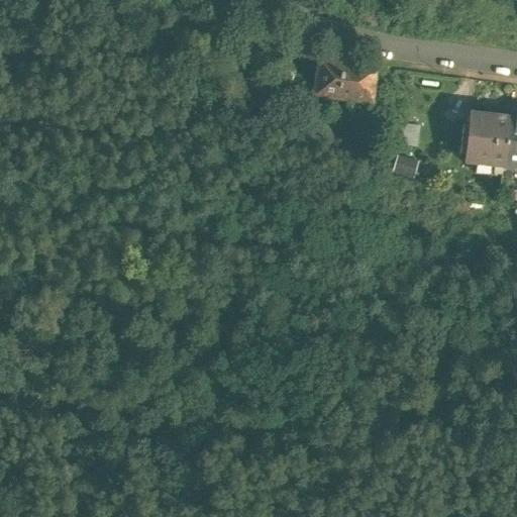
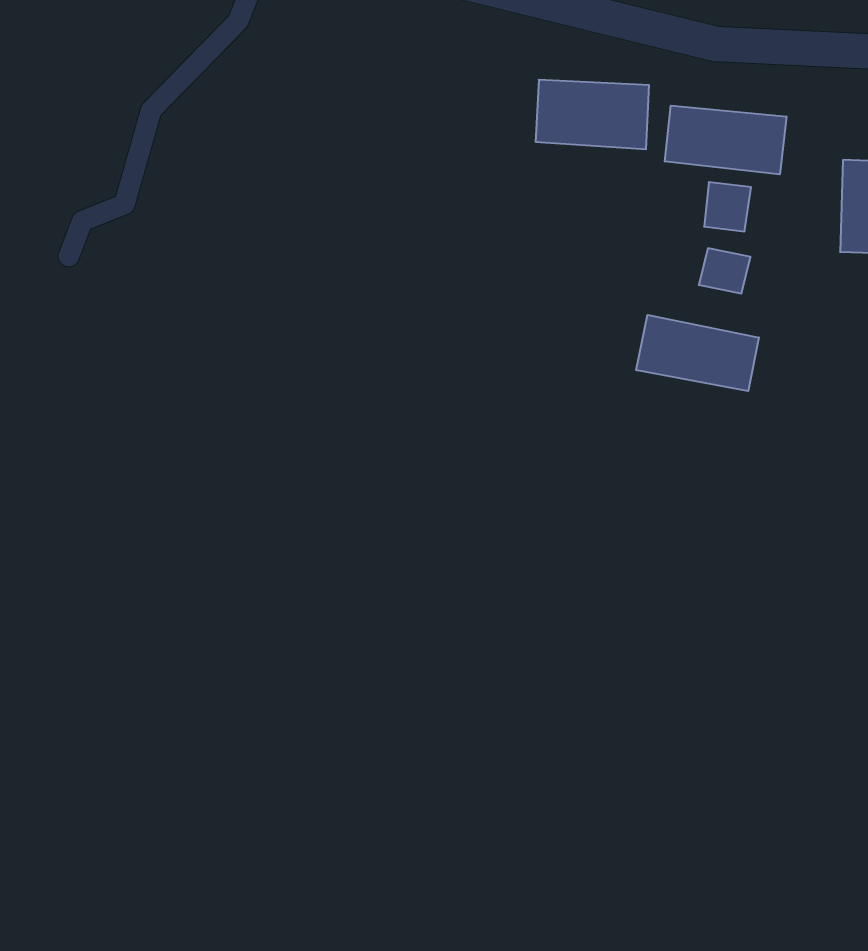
building: none -> [665,106,786,174]
building: none -> [636,315,759,391]

